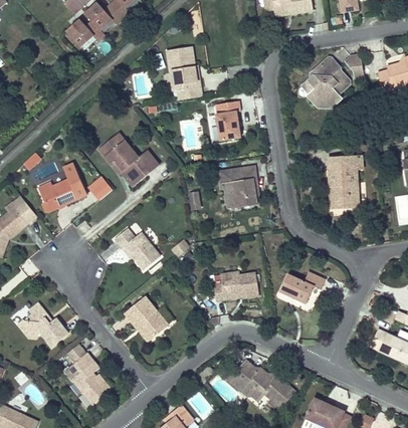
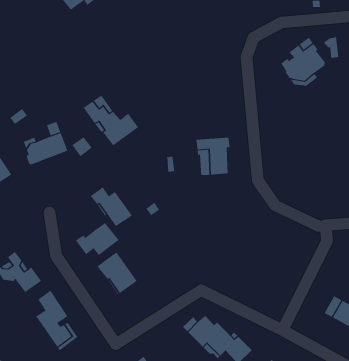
building: [171,47,203,99] -> none
building: [216,100,241,140] -> none
building: [328,157,363,208] -> none
building: none -> [75,222,119,256]
building: [213,271,259,301] -> none
building: [280,271,326,303] -> none

